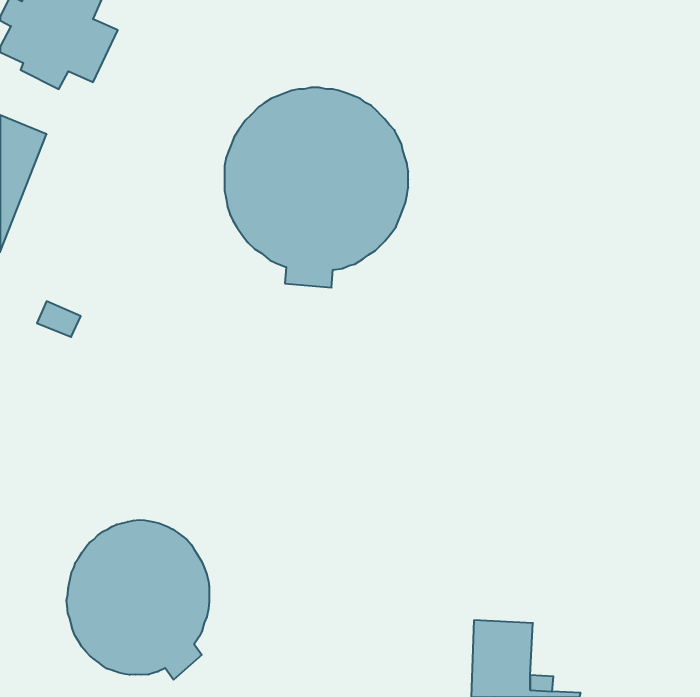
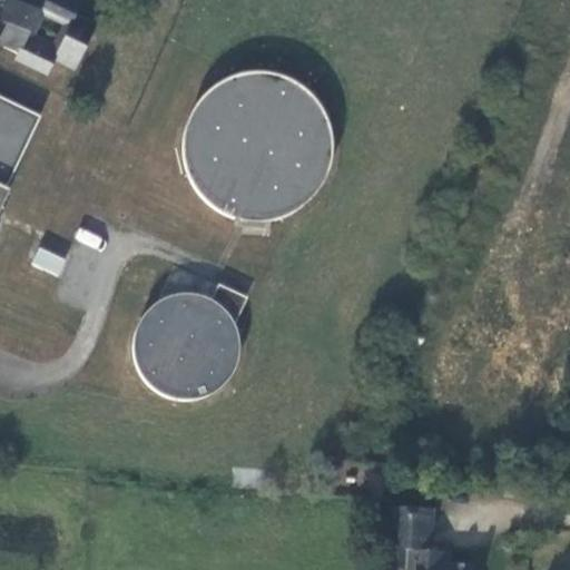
building: none -> [132,283,247,400]
building: [67,520,209,680] -> none

